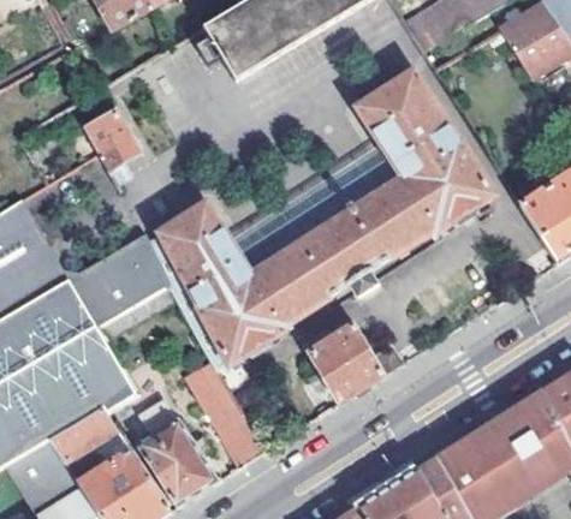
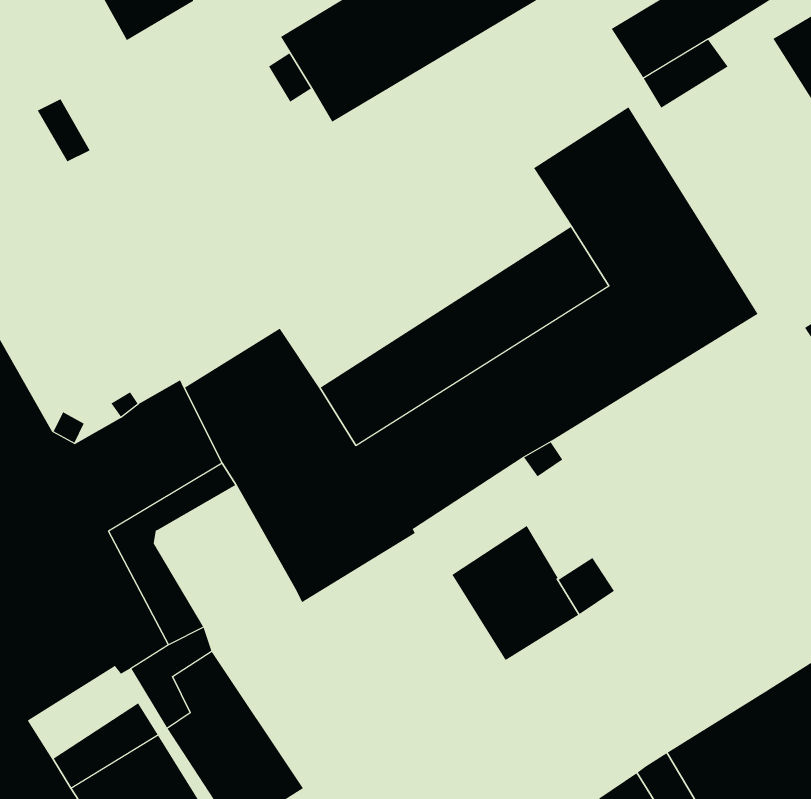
building: [67,109,137,183] -> none
building: [185,360,264,465] -> none
building: [50,406,117,461] -> none

